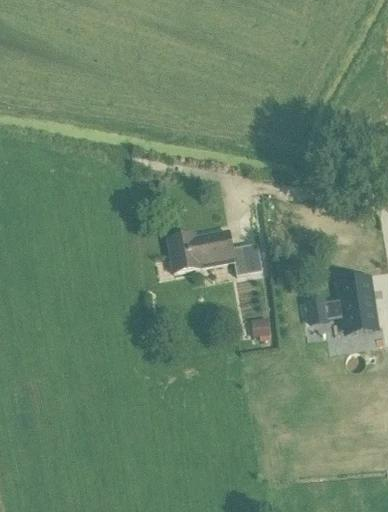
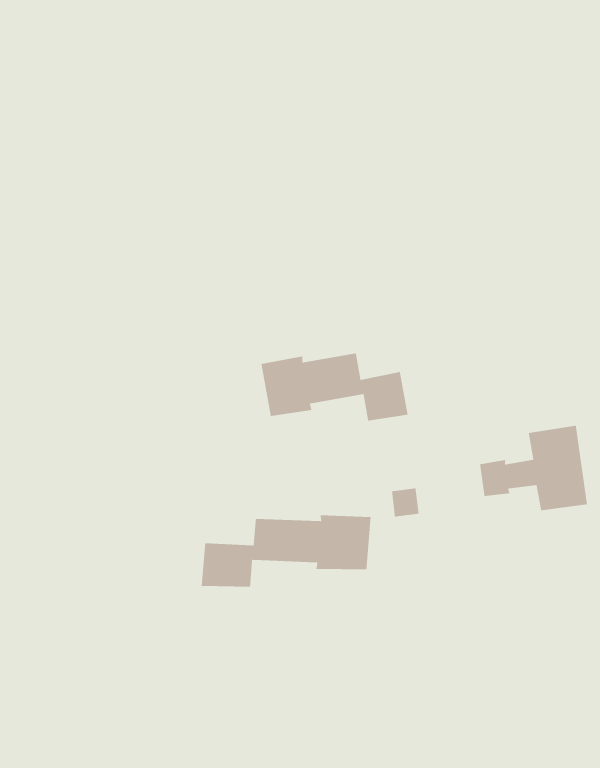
building: none -> [201,514,372,587]

